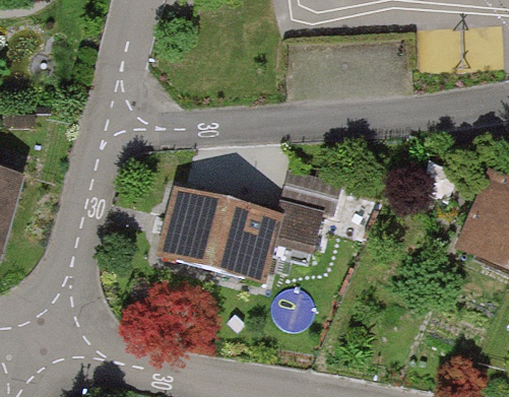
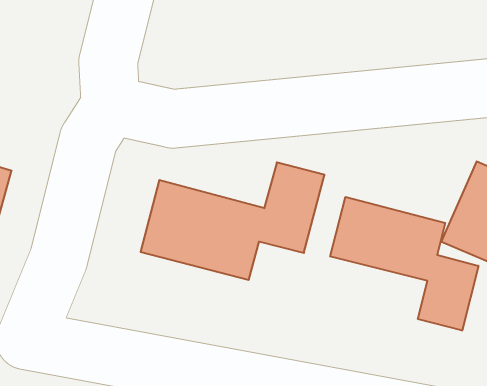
building: none -> [330,197,478,331]

